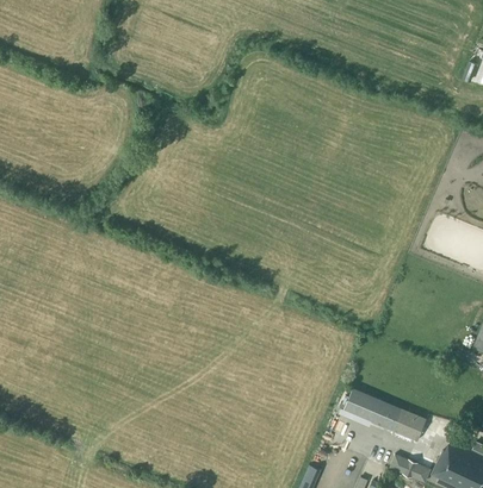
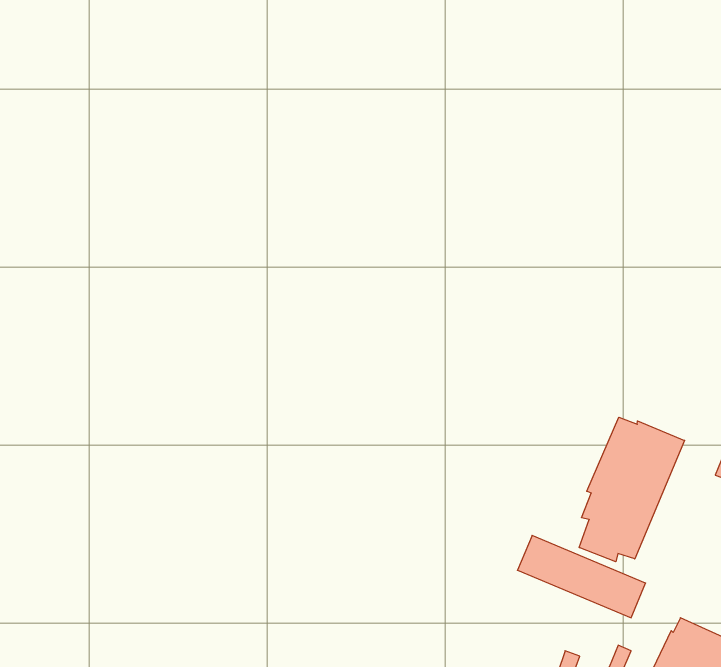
building: none -> [579,417,685,562]

